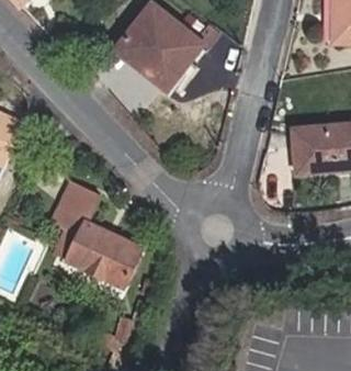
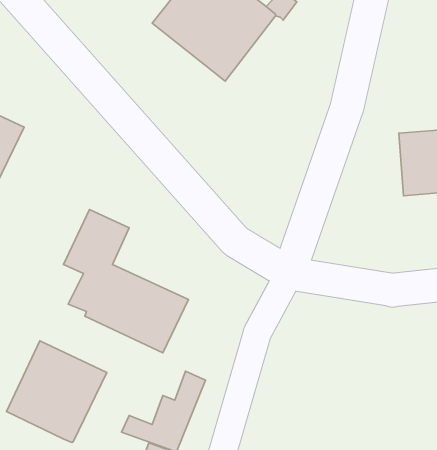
building: none -> [6,341,107,443]

